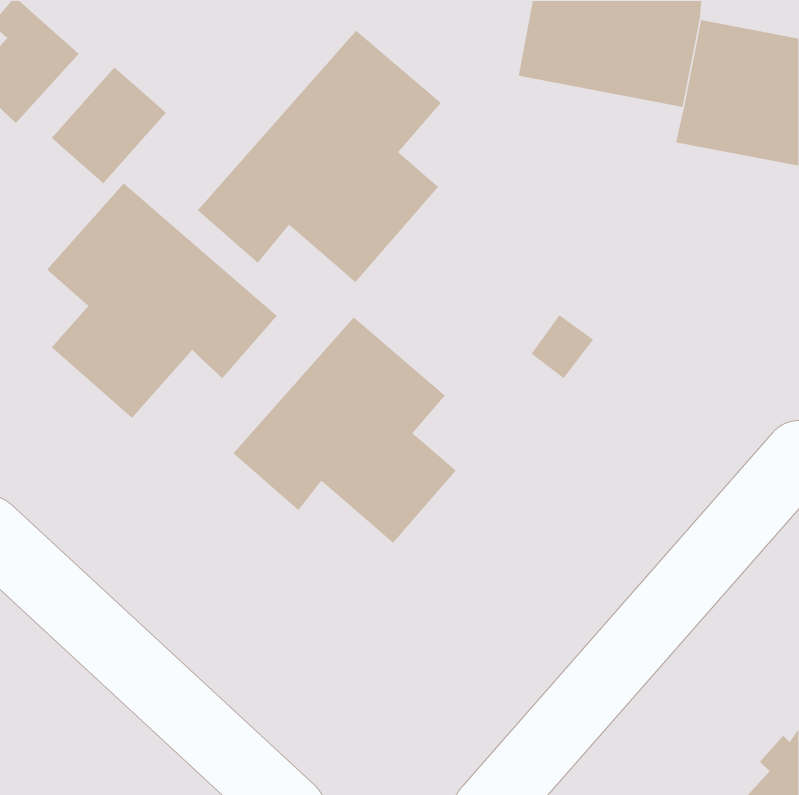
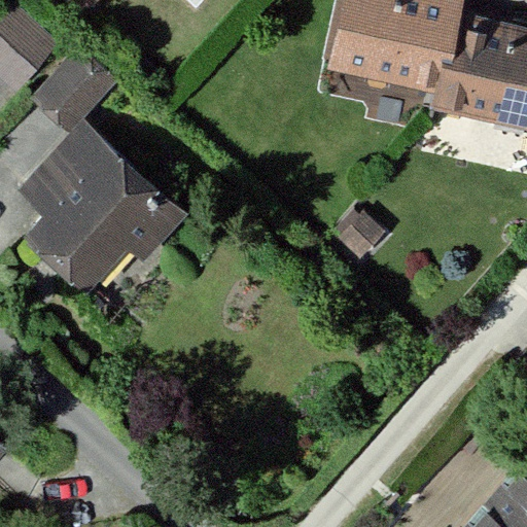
building: [197,30,442,283] -> none
building: [232,316,457,544] -> none

